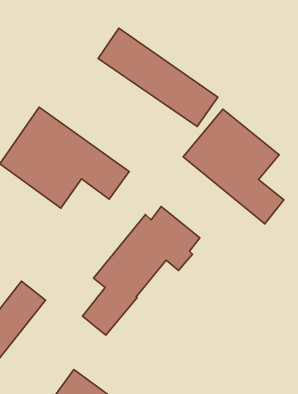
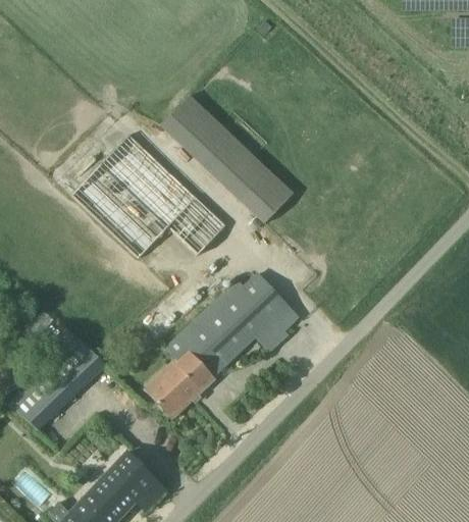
building: [98,28,218,127] -> [157,92,294,222]
building: [183,109,284,224] -> none

